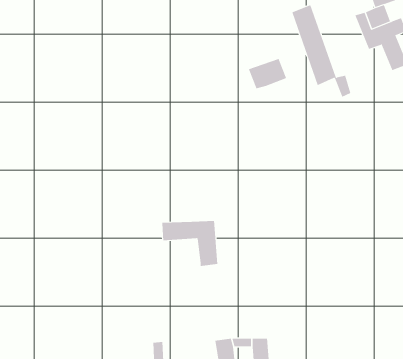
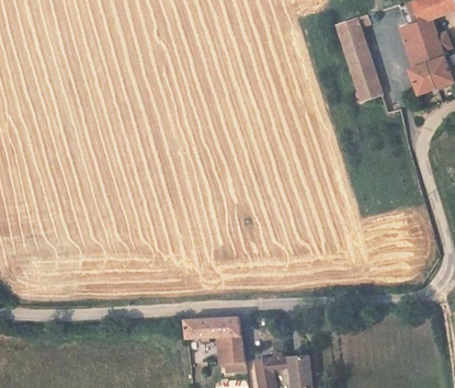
building: none -> [408,59,436,92]
building: [248,58,287,89] -> none
building: [161,220,218,266] -> [187,317,246,364]

